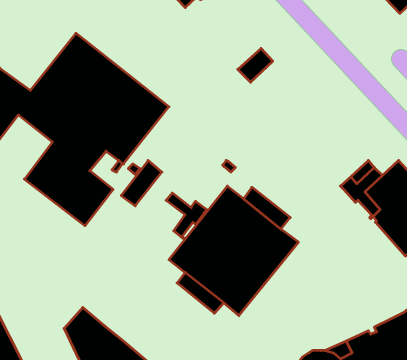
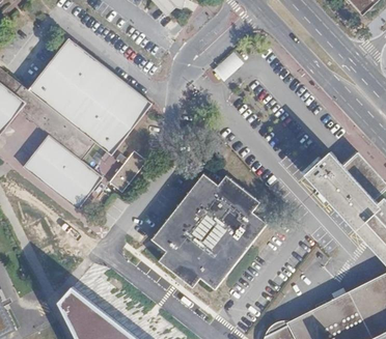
building: [166,193,207,239] -> none

